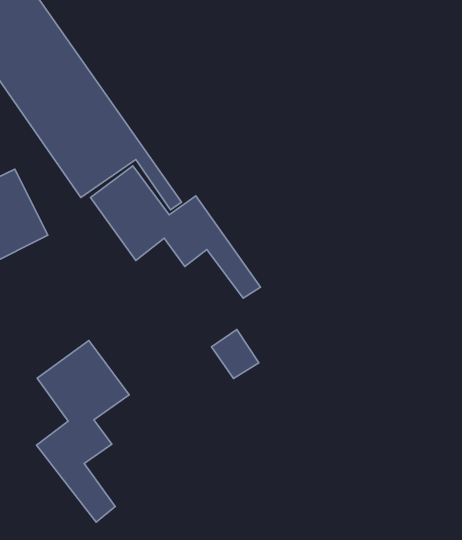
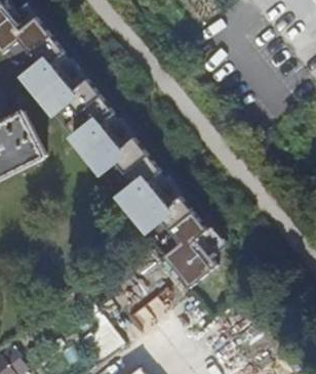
building: none -> [114,170,229,284]
building: [37,341,129,522] -> none

